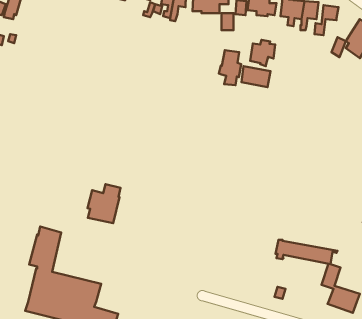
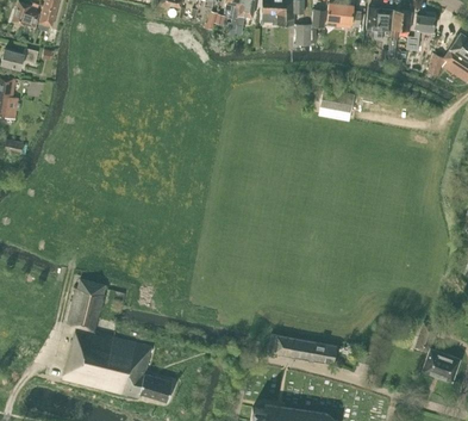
building: [250,40,275,66] -> none
building: [219,50,241,85] -> none
building: [88,184,121,223] -> none
building: [275,240,338,264] -> [268,334,342,363]

